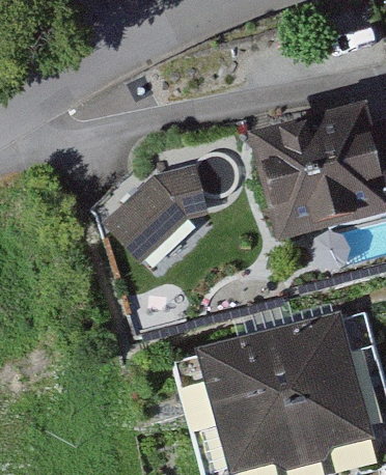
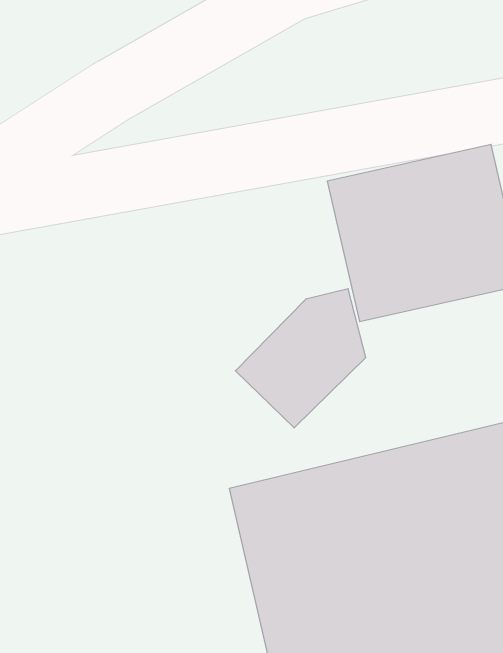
building: [118,160,211,258] -> [235,289,366,428]

